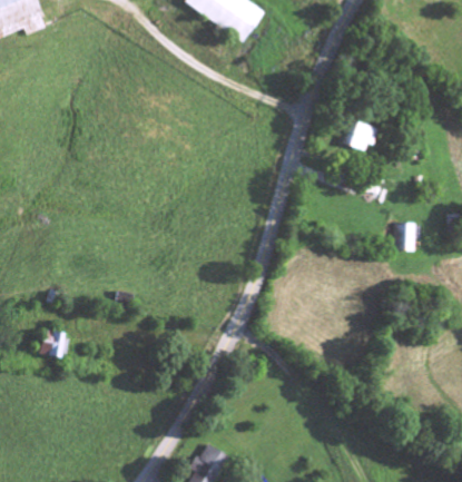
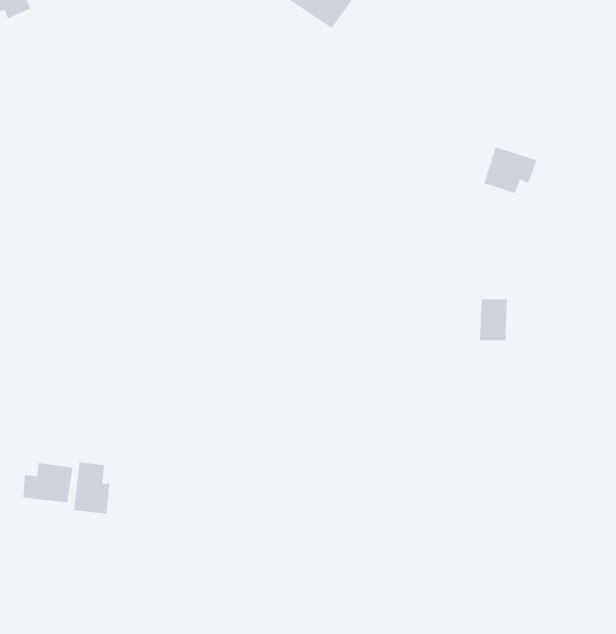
building: [397,223,416,250] -> [479,299,508,341]
building: none -> [74,462,110,515]

